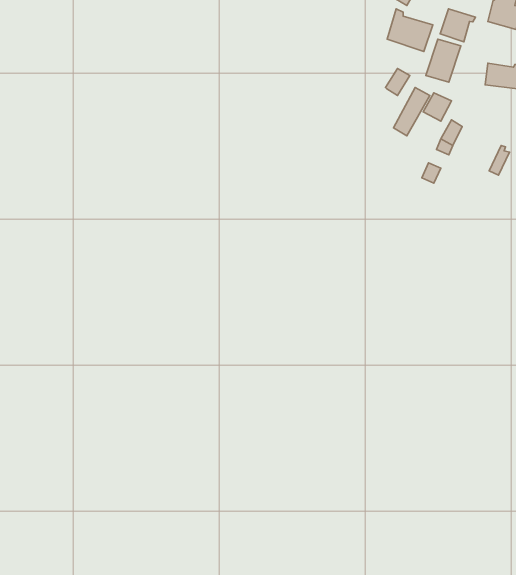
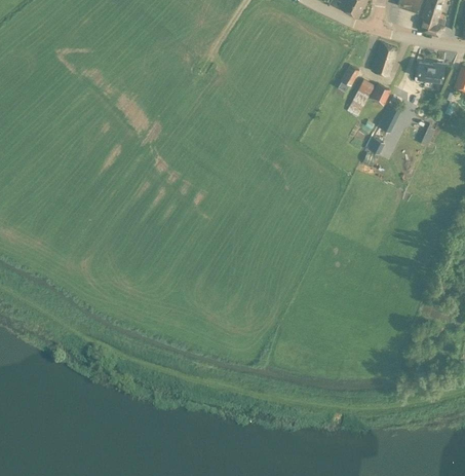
building: [387,9,433,52] -> none
building: [440,9,475,42] -> none

